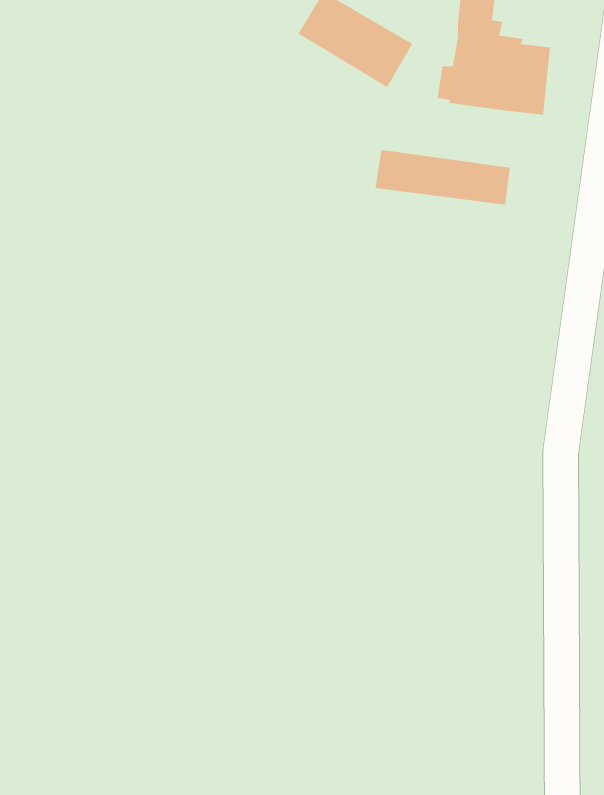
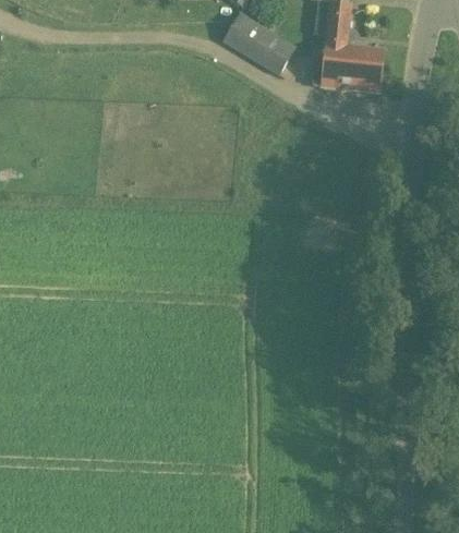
building: [375,149,511,206] -> none

